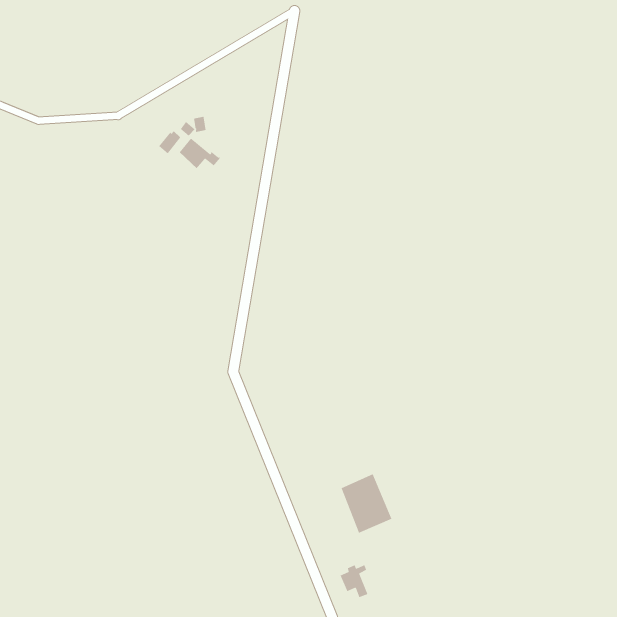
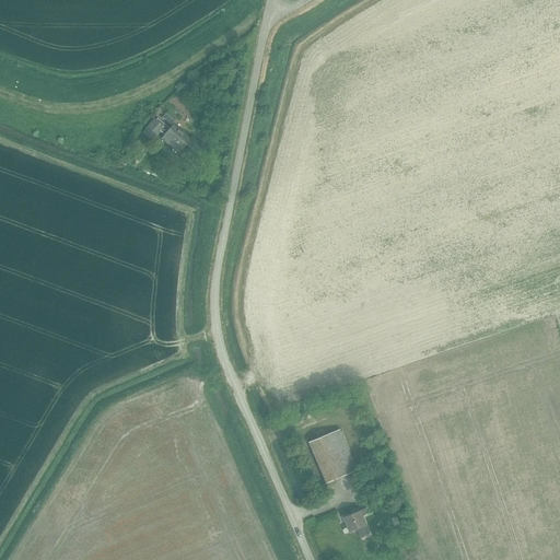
building: [339,564,368,598] -> [342,508,369,538]

